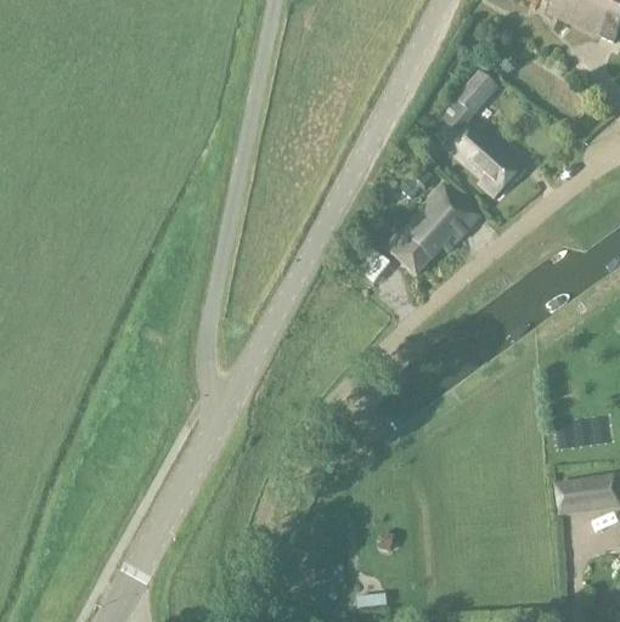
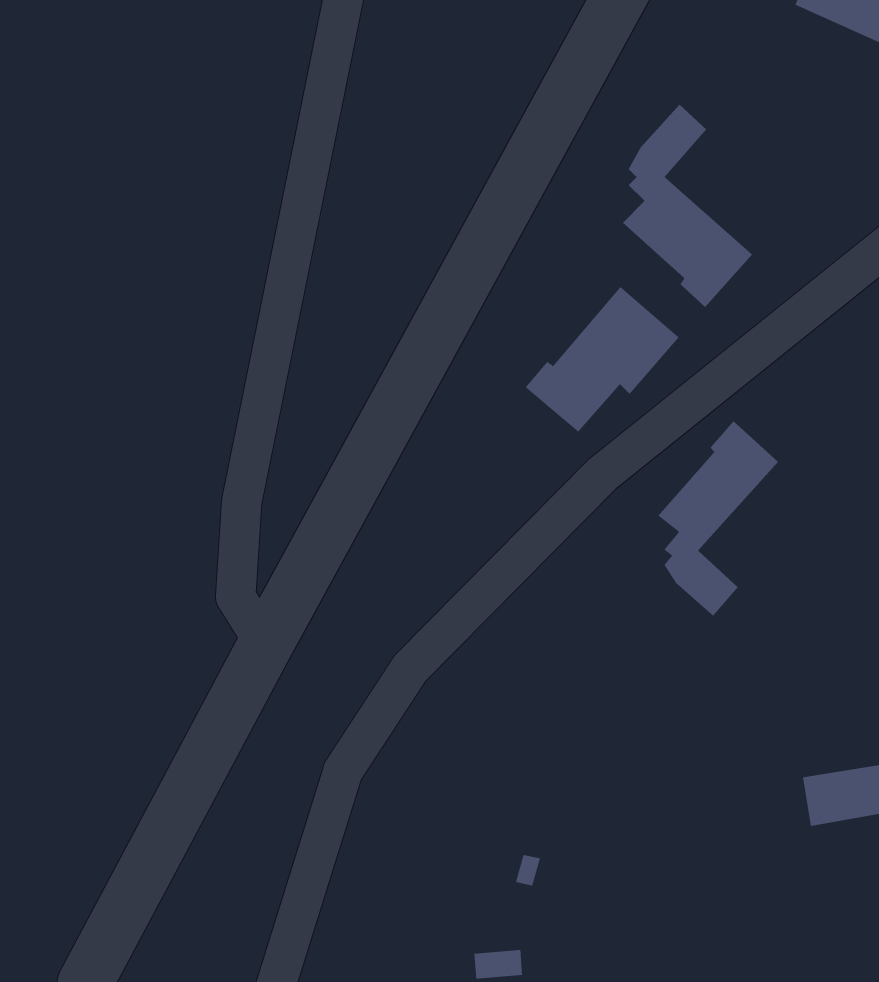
building: none -> [657,420,779,617]

